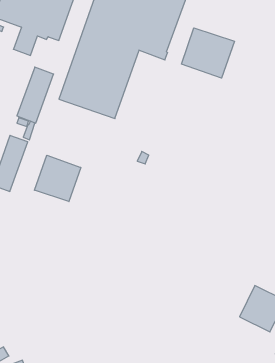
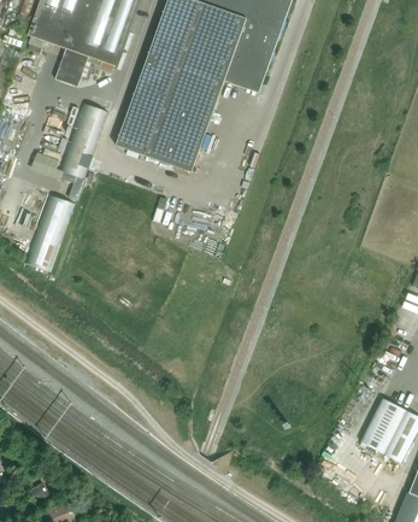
building: [182,28,235,78] -> none
building: [34,155,81,202] -> none

